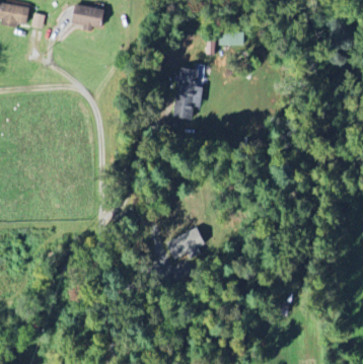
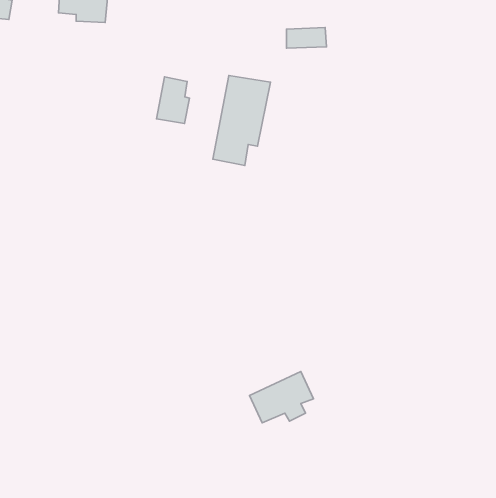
building: none -> [157,77,190,123]
building: [165,226,206,259] -> [249,371,314,423]

